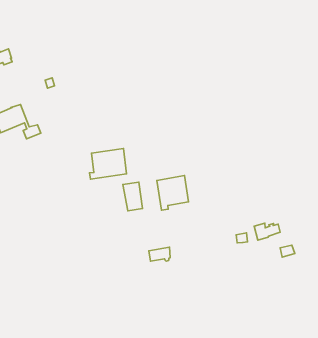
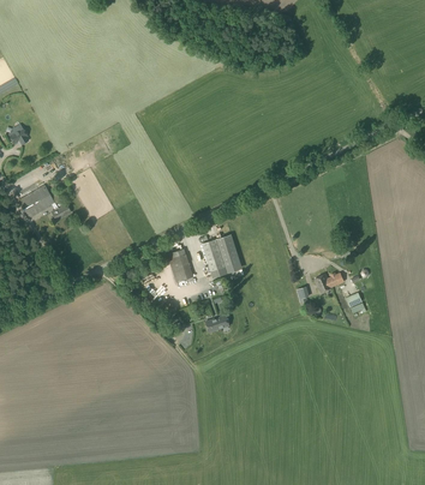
building: [90,148,126,179] -> none

